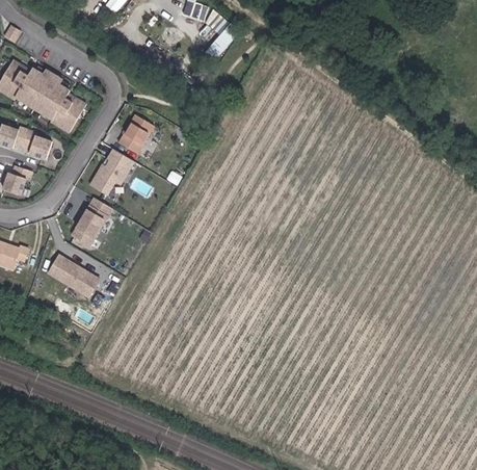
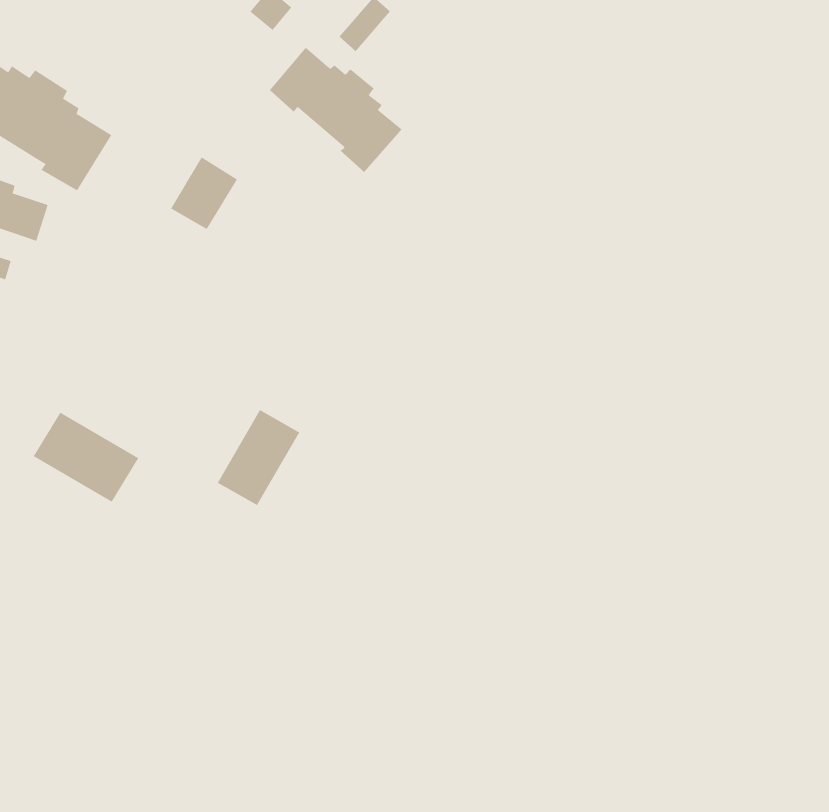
building: none -> [269,47,403,173]
building: [89,149,134,199] -> none
building: [69,197,113,249] -> [217,409,300,506]

